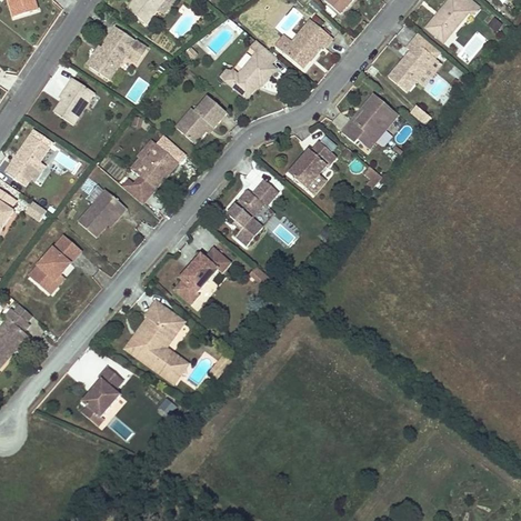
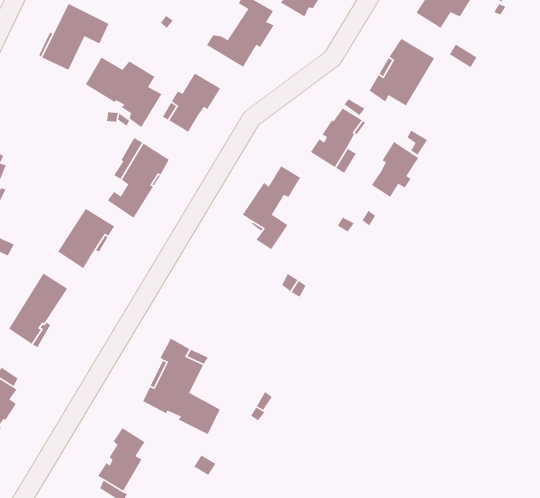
building: none -> [85,57,163,128]
building: [53,77,93,123] -> none
building: none -> [371,141,419,198]
building: [172,246,230,304] -> none

